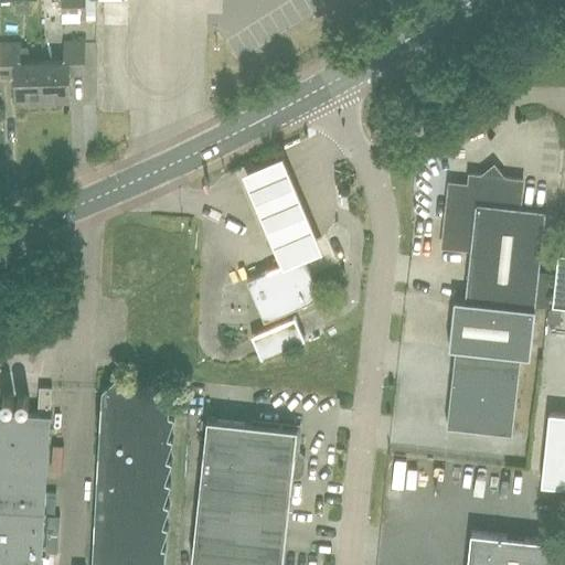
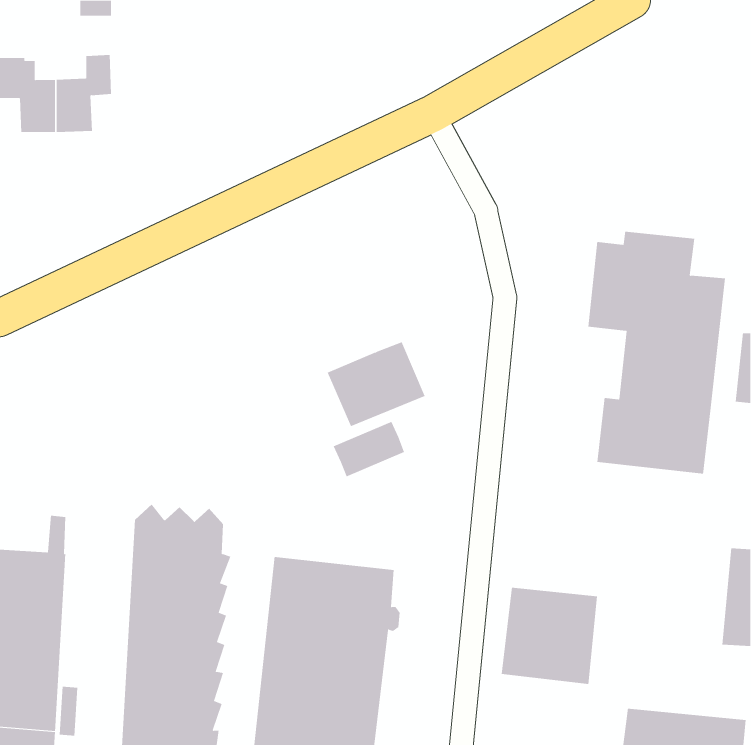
building: [242,158,321,269] -> none
building: [445,365,518,438] -> [501,587,598,684]

